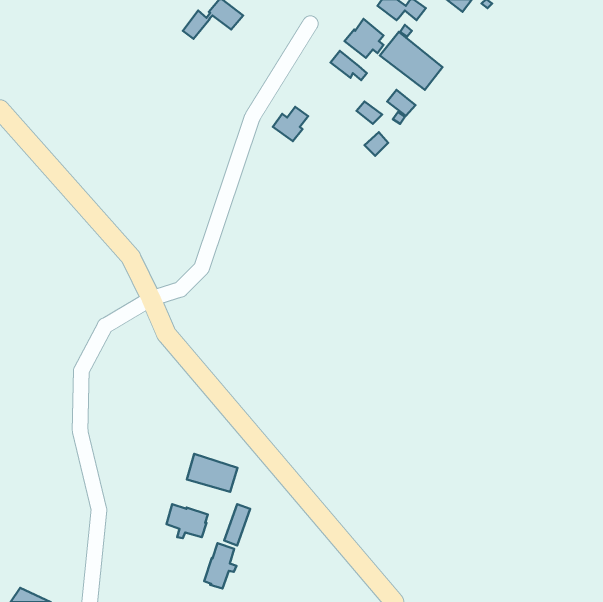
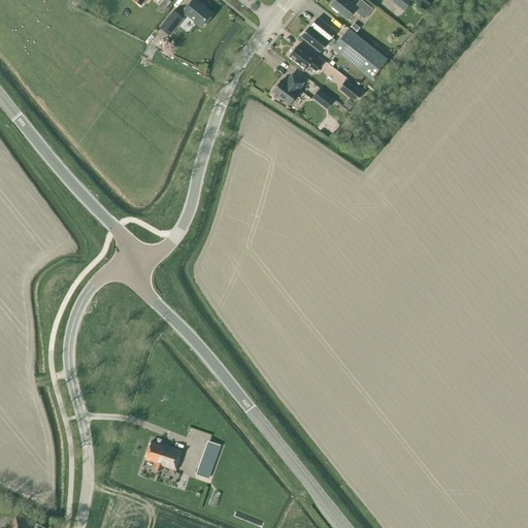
building: [273,107,308,141] -> [272,73,303,103]
building: [187,454,237,492] -> none
building: [204,543,237,588] -> none

